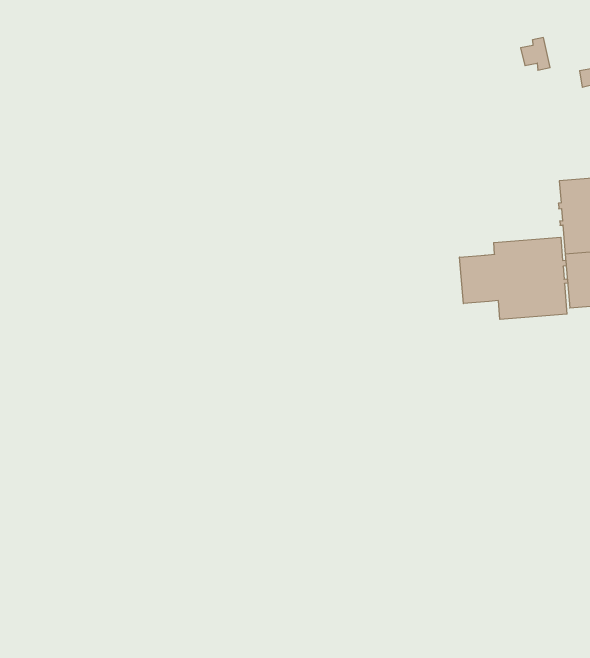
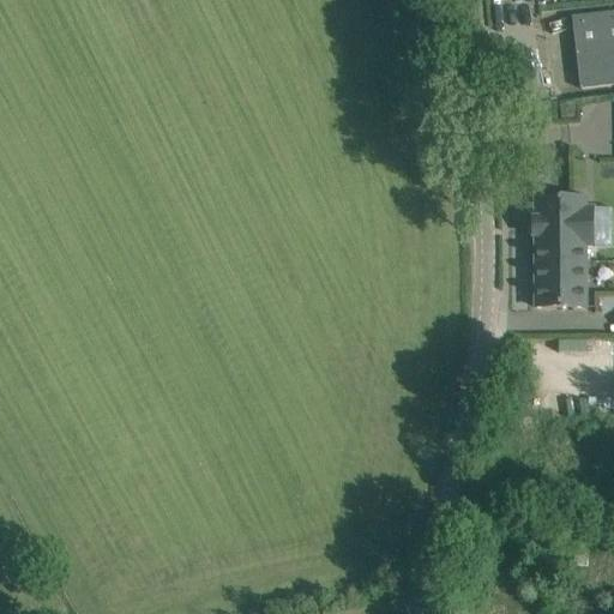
building: [460,237,568,319] -> none

